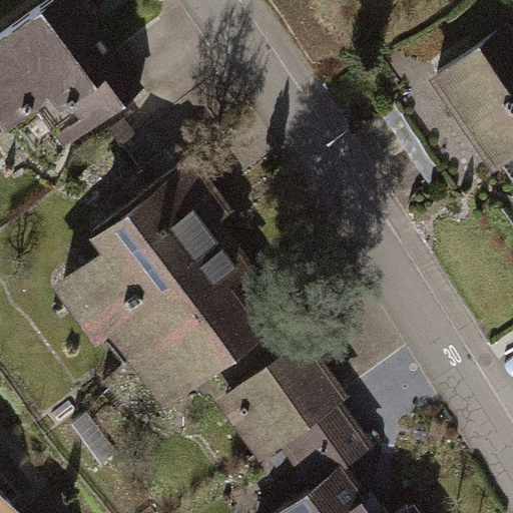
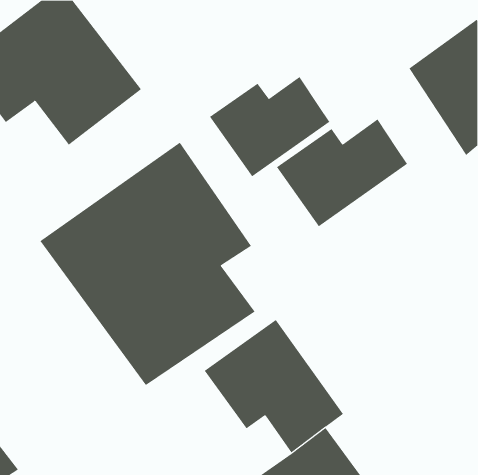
building: none -> [209,76,330,177]
building: none -> [276,119,408,227]

